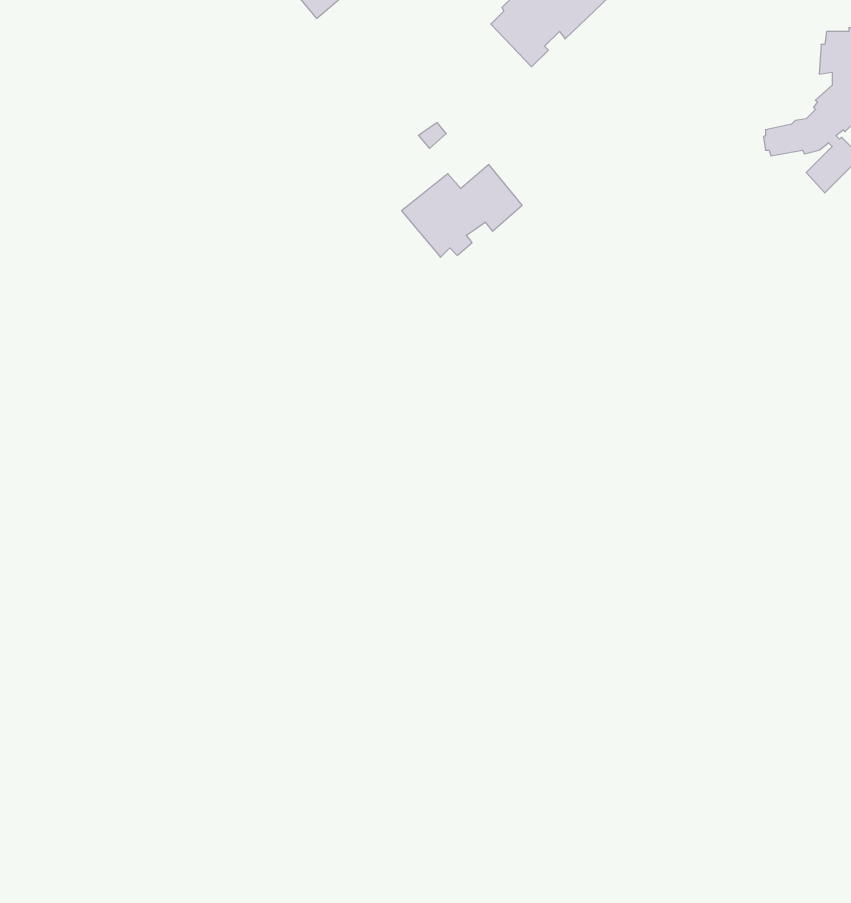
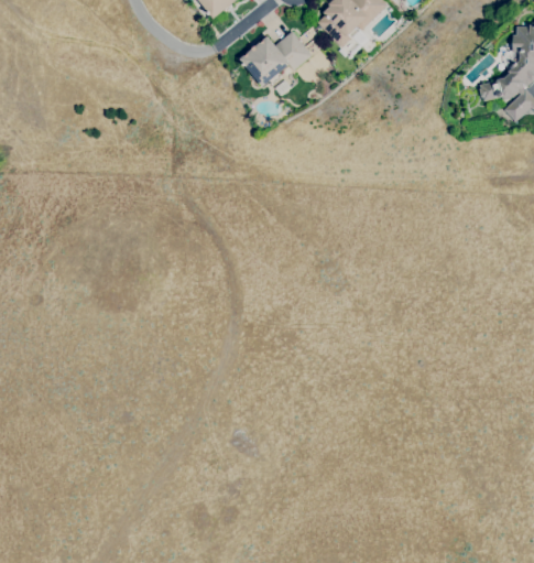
building: [402,165,522,257] -> [240,30,312,85]

